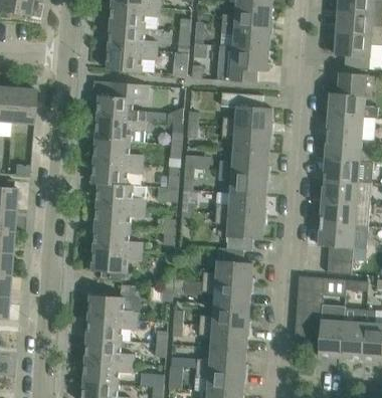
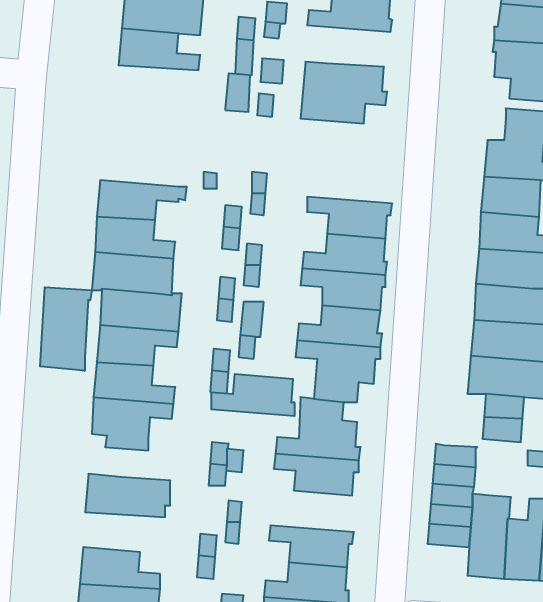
building: [221,23,272,48] -> none
building: [108,47,157,71] -> none
building: [98,81,148,121] -> none
building: [221,91,273,131] -> none
building: none -> [40,287,92,371]
building: [200,304,250,329] -> [211,374,295,416]
building: [87,317,137,341] -> none

